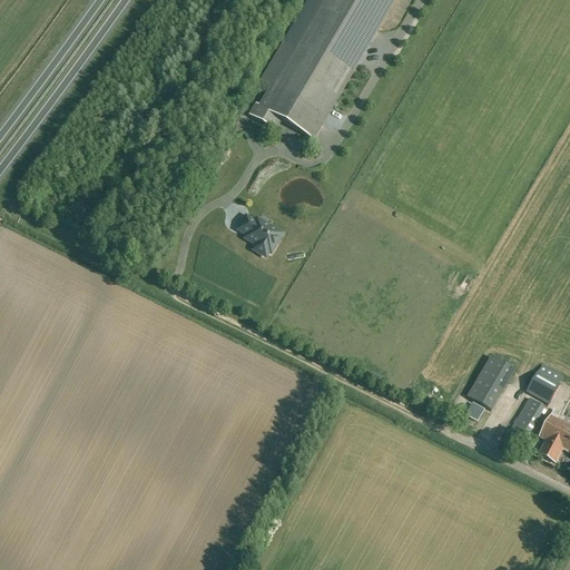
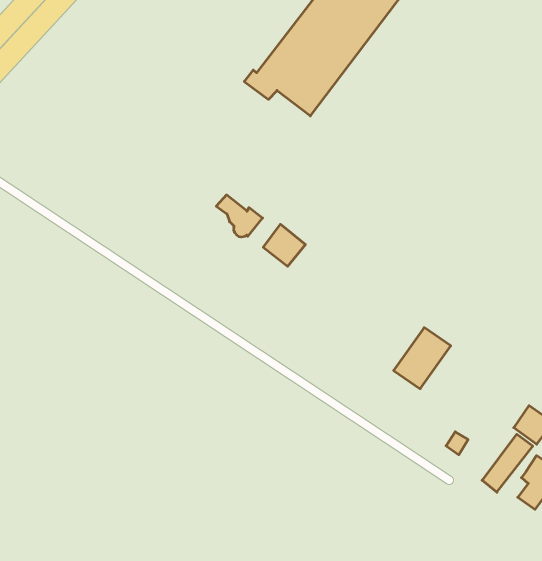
building: none -> [263,224,305,266]
building: [470,352,518,406] -> [394,328,451,389]

